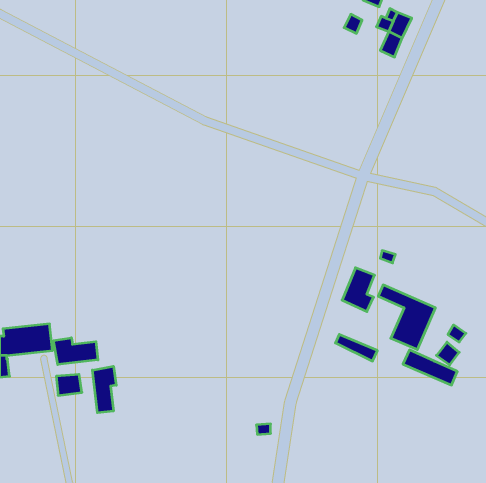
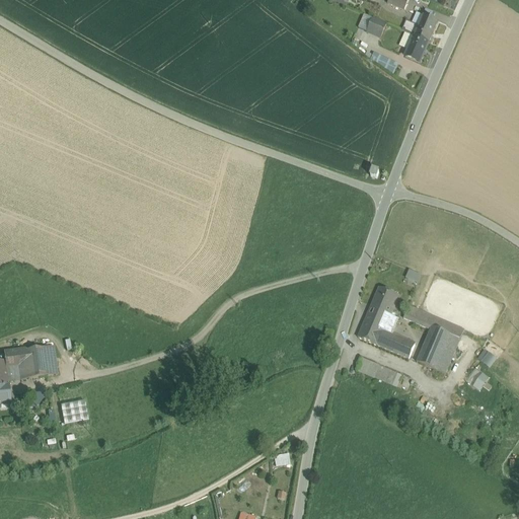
building: [54,338,98,365] -> none
building: [403,350,457,385] -> [357,319,415,357]
building: [92,366,116,413] -> none

